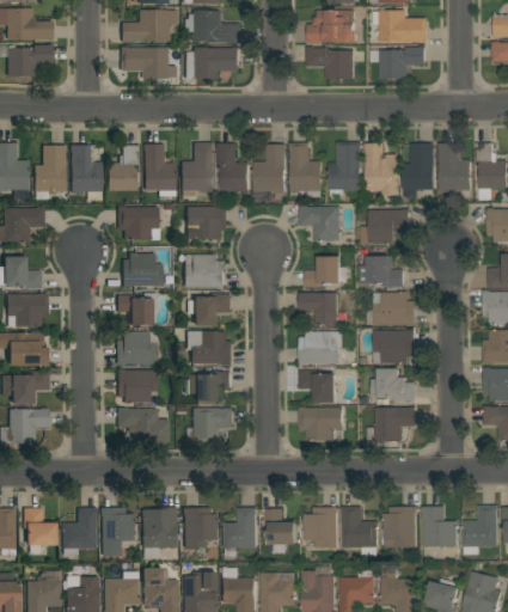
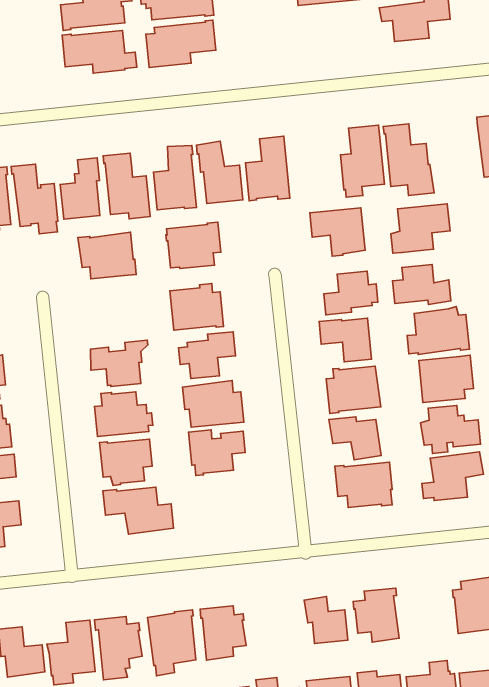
building: [306,48,354,79] -> none
building: [289,142,323,197] -> none
building: [403,143,435,197] -> none
building: [122,253,163,288] -> none
building: [185,408,233,442] -> none
building: [342,506,378,555] -> none
building: [221,507,257,547] -> none

